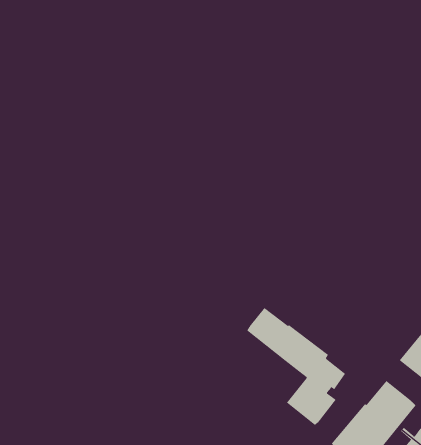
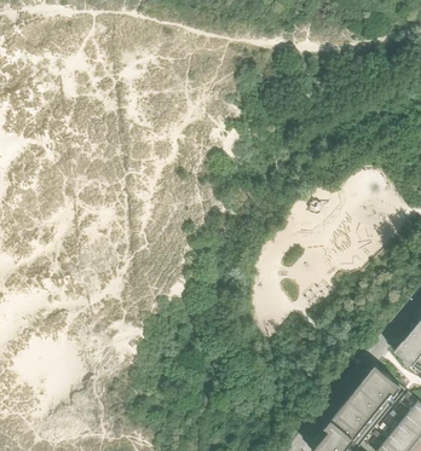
building: [247,307,346,426] -> none

